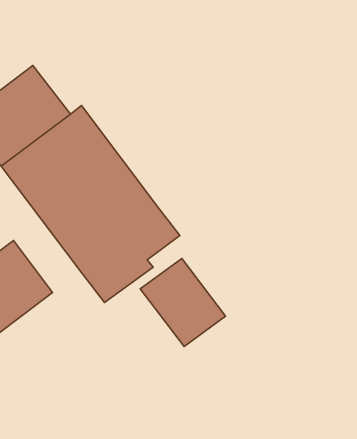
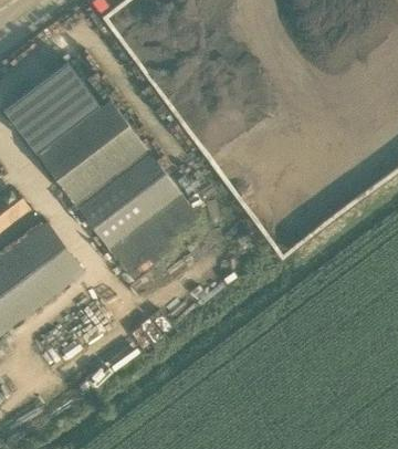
building: [140,258,225,347] -> none

